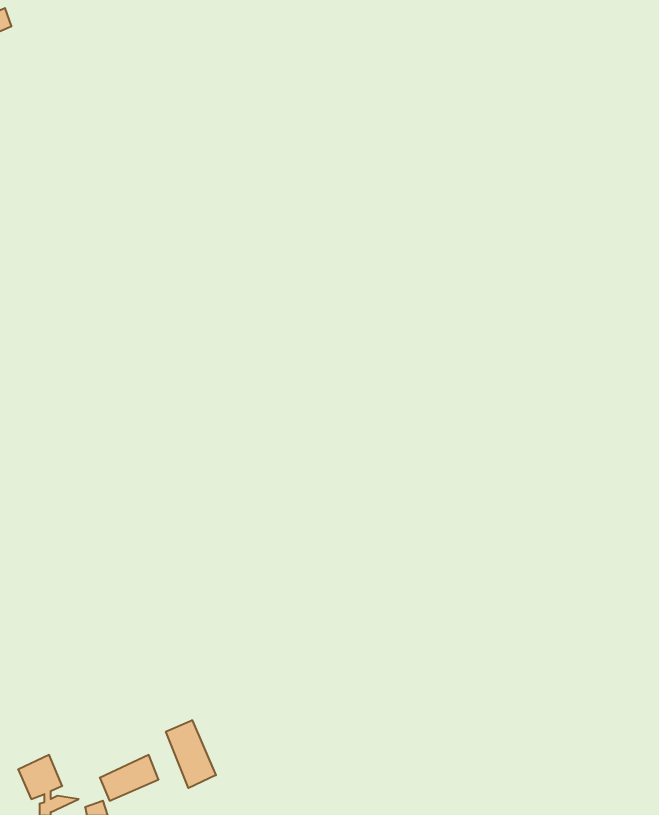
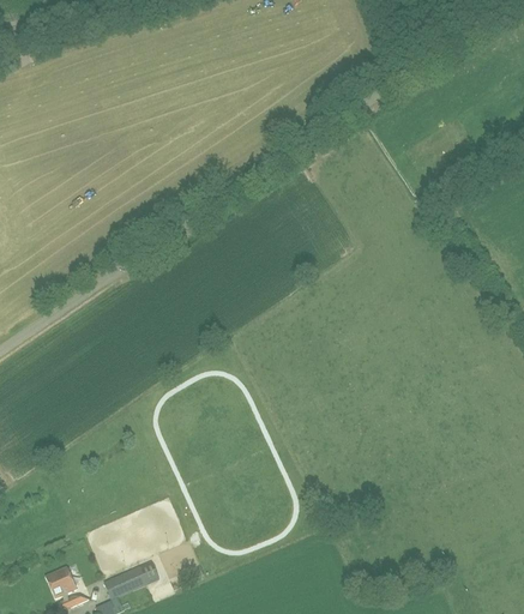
building: [166,720,216,788] -> none

